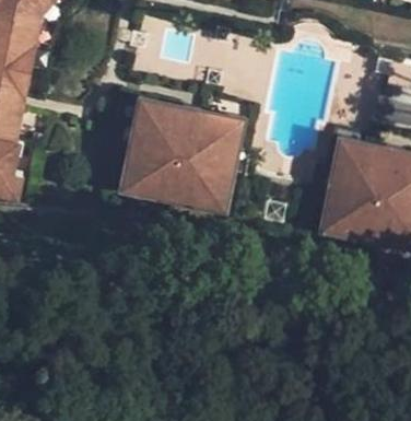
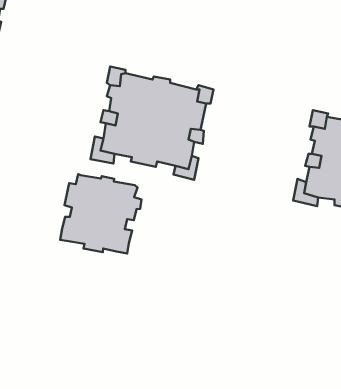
building: none -> [60,174,141,254]

